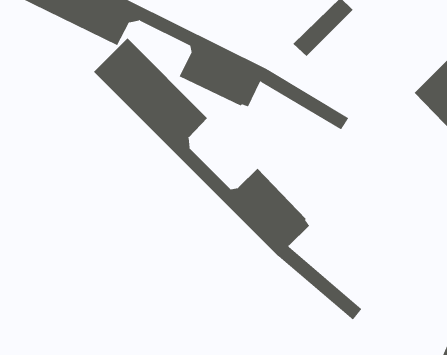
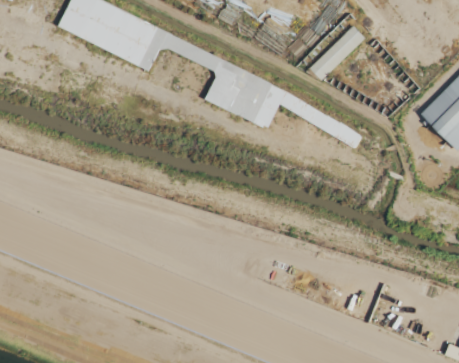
building: [93,38,362,320] -> none

